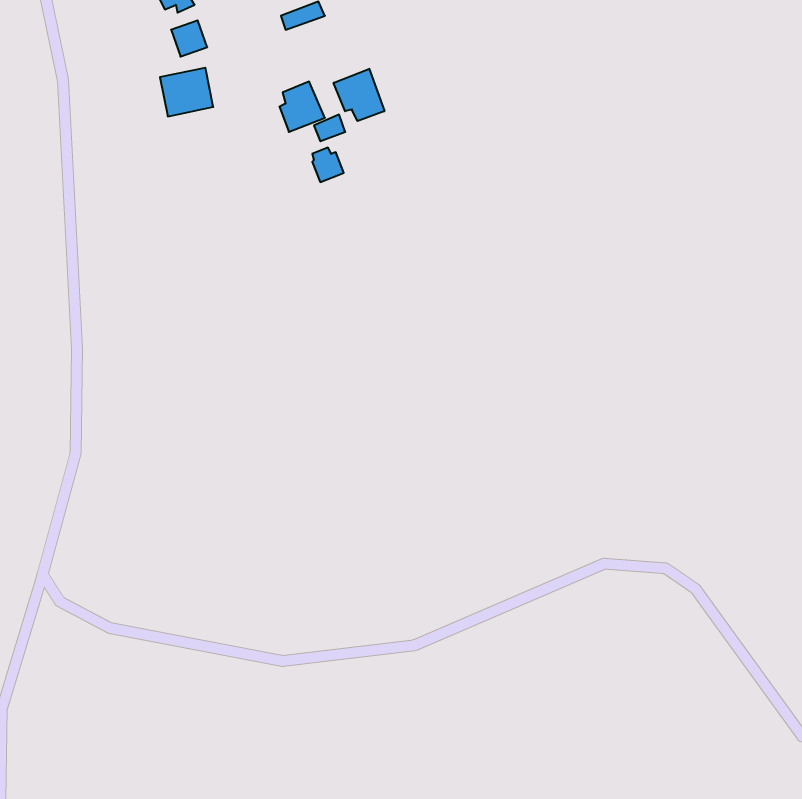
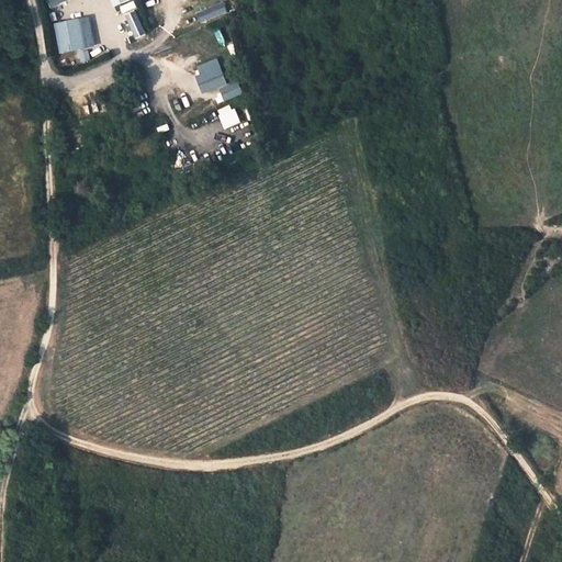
building: [160,68,213,116] -> [55,16,92,50]
building: [334,69,384,121] -> none

